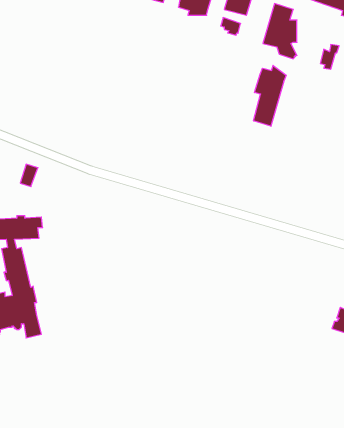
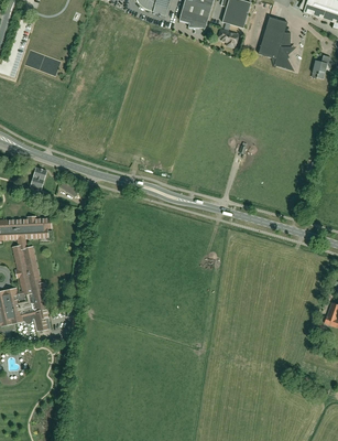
building: [254,65,286,126] -> none

